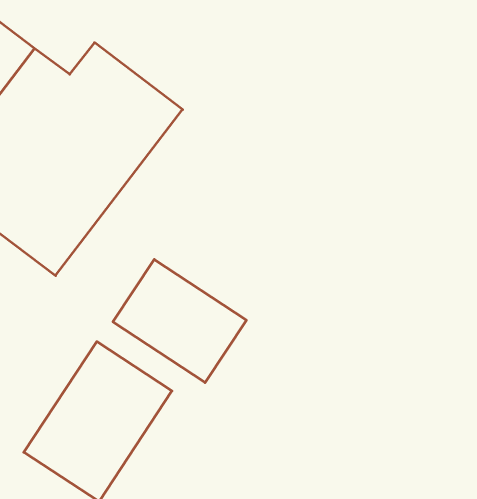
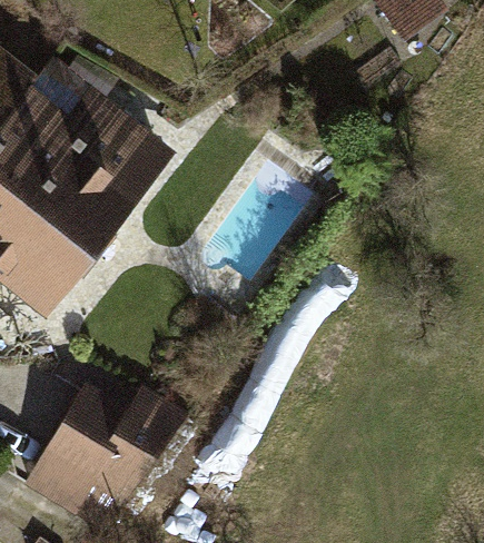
building: [113,259,246,383] -> none

